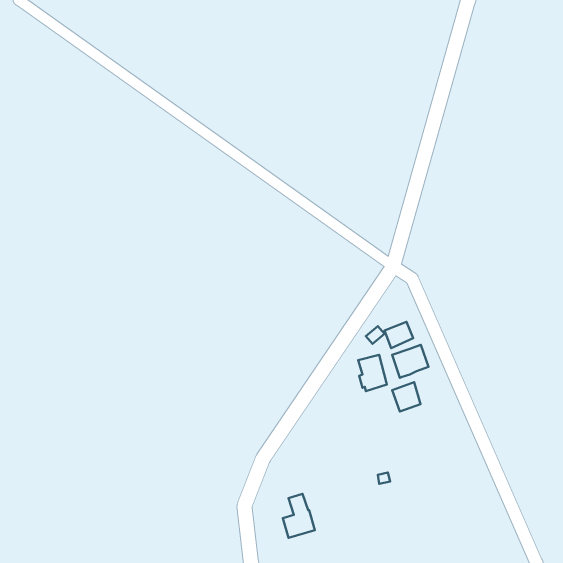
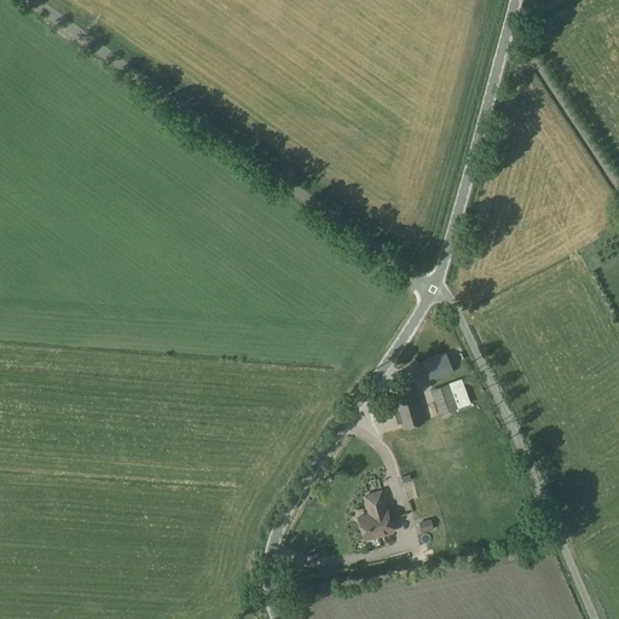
building: [392,382,420,411] -> none
building: [283,494,315,538] -> [358,491,393,539]

